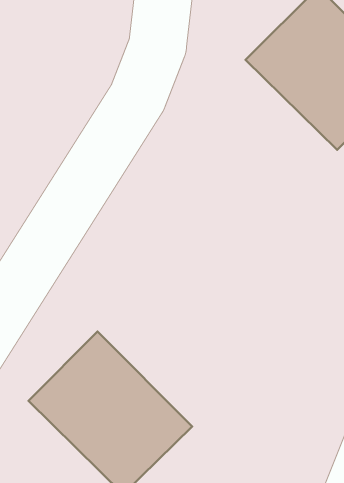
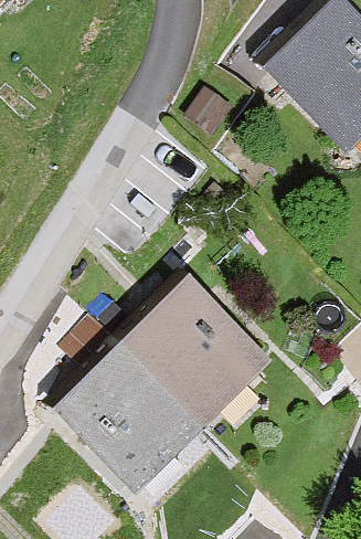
building: none -> [114,266,274,426]

